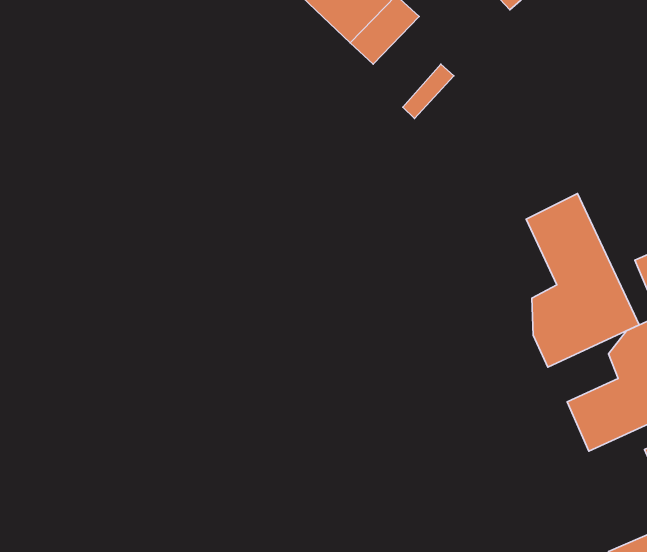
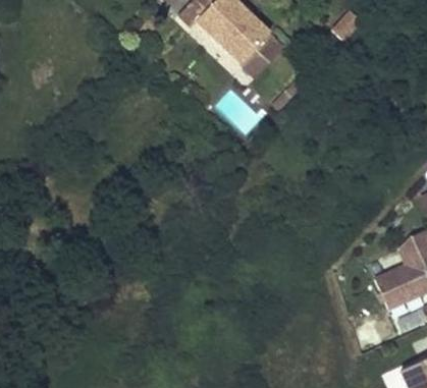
building: [526,193,639,367] -> none

